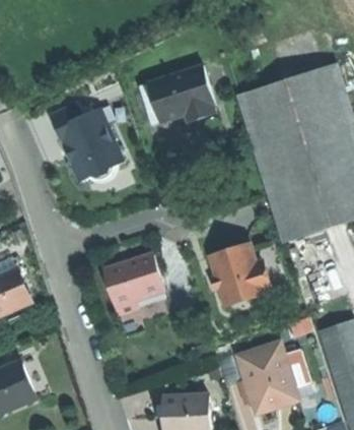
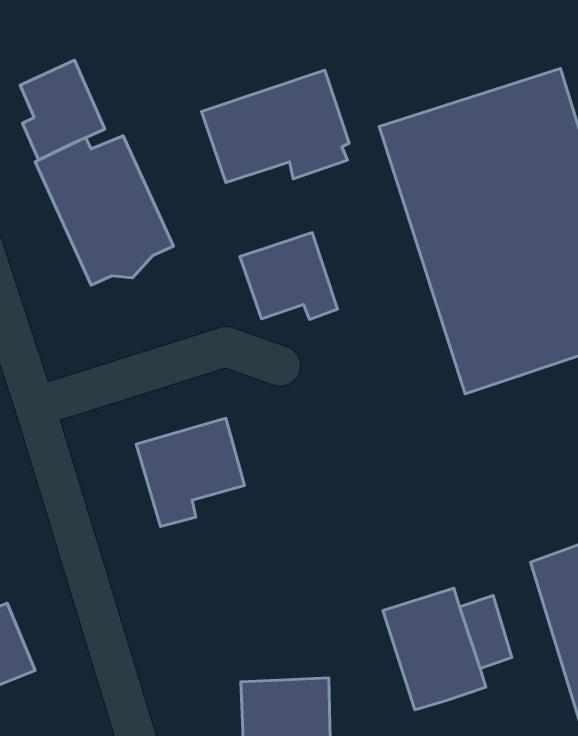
building: none -> [20,60,105,160]
building: none -> [240,232,338,320]
building: [209,244,270,305] -> none

